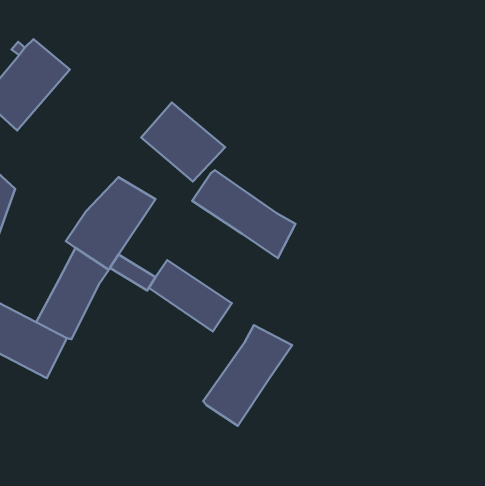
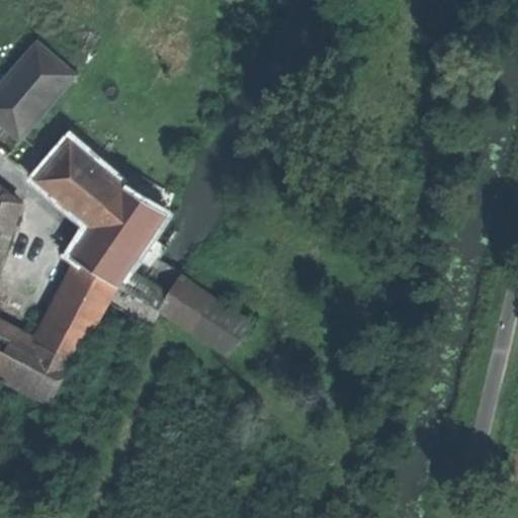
building: [141,102,225,181] -> [36,141,125,225]
building: [192,170,295,258] -> none
building: [203,325,292,426] -> none

